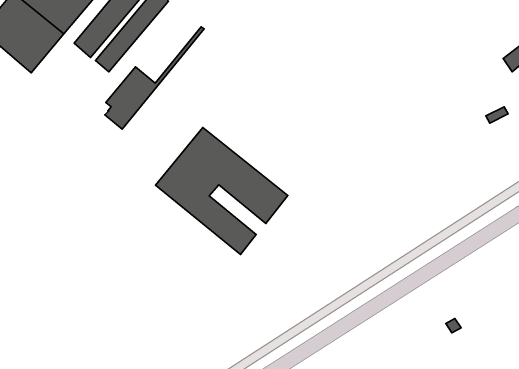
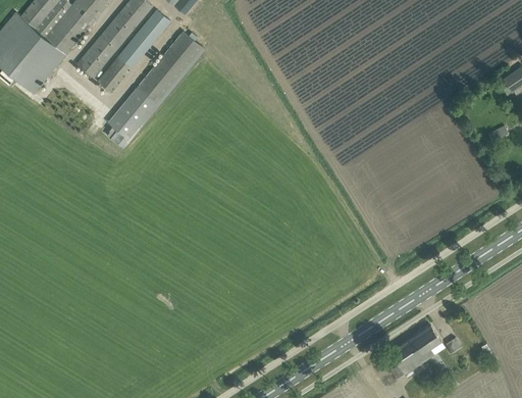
building: none -> [137,32,202,104]
building: [155,127,288,255] -> none
building: none -> [389,326,440,376]

